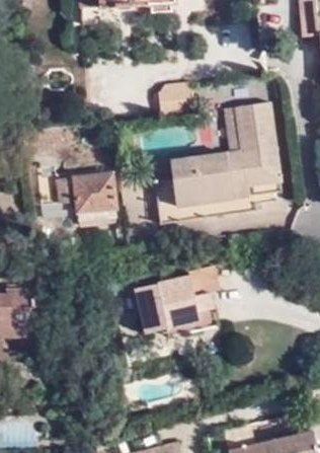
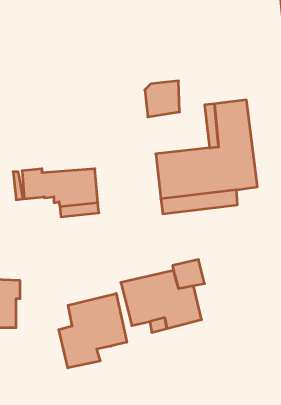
building: none -> [59,293,127,368]

